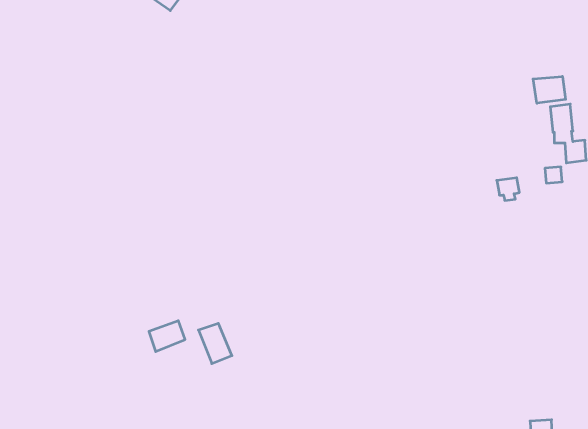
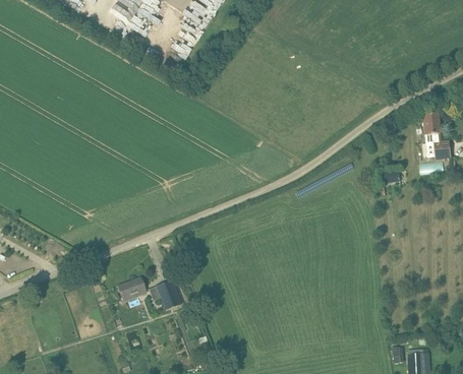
building: [533,76,566,103] -> none

